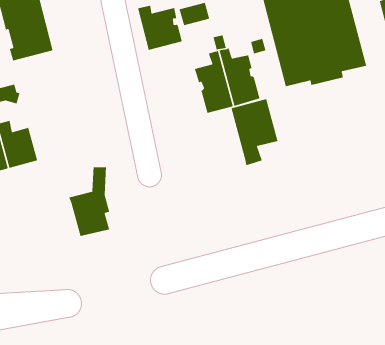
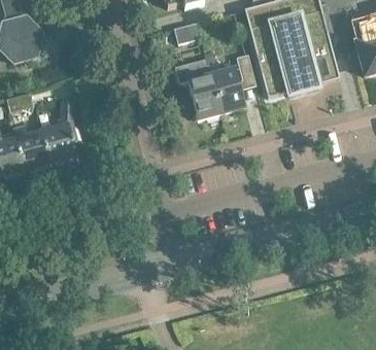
building: [137,5,183,51] -> none
building: [230,98,278,166] -> none
building: [68,167,110,237] -> [39,99,76,161]

